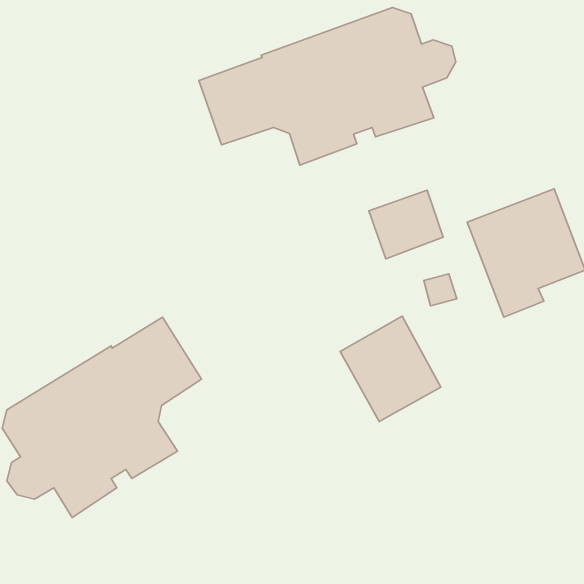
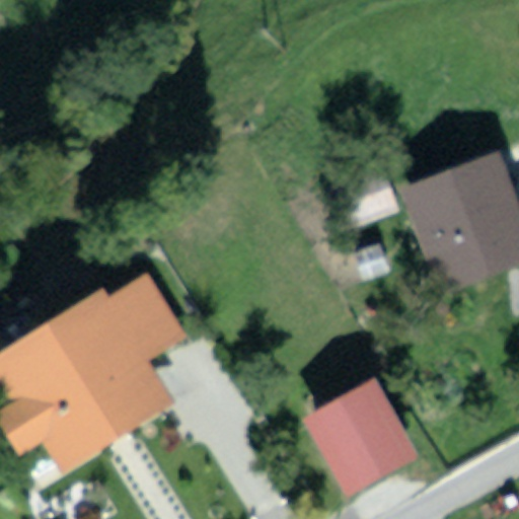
building: [199,8,456,165] -> none
building: [340,316,441,421] -> [315,392,404,486]

